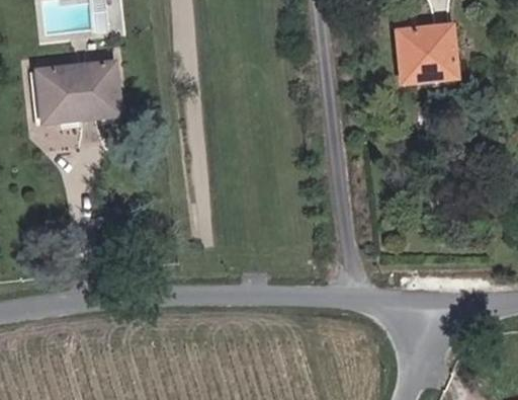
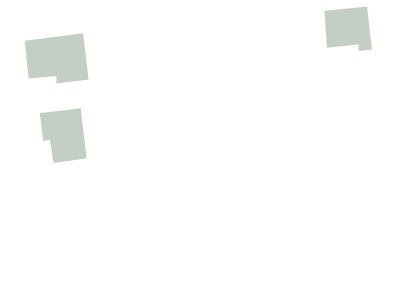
building: none -> [39,107,88,164]

